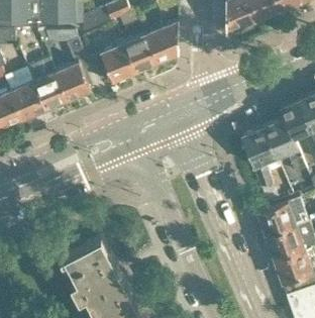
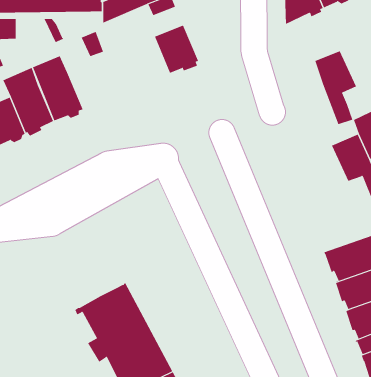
building: [147,20,179,64] -> none
building: [90,42,136,82] -> none
building: [57,62,91,101] -> none
building: [243,128,277,187] -> [315,51,357,125]

